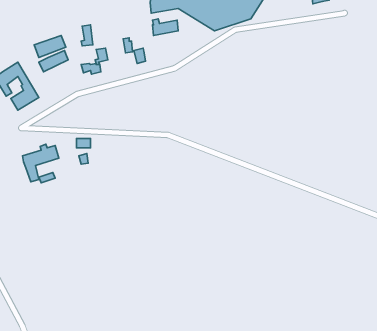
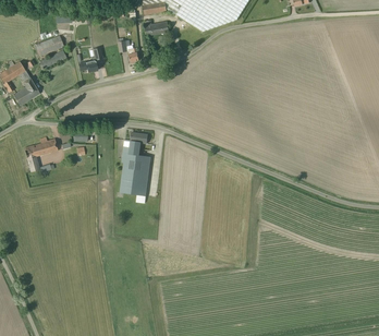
building: none -> [113,131,150,202]

